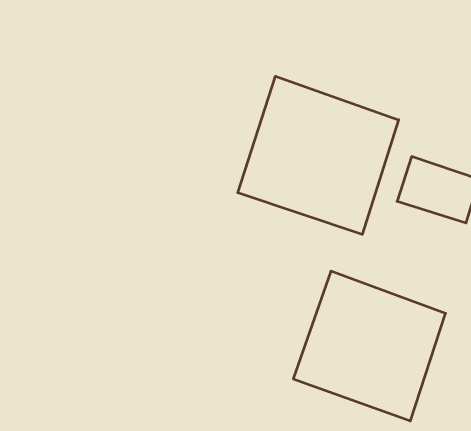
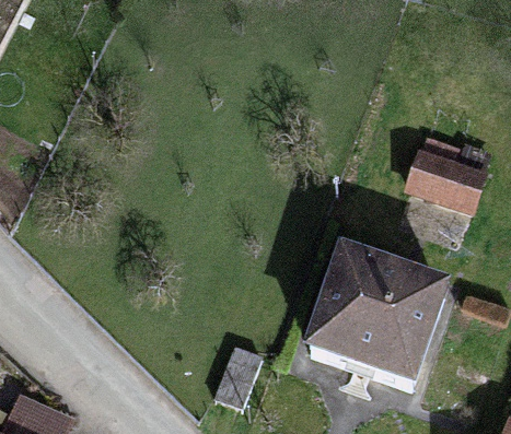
building: [238,76,399,234] -> none

